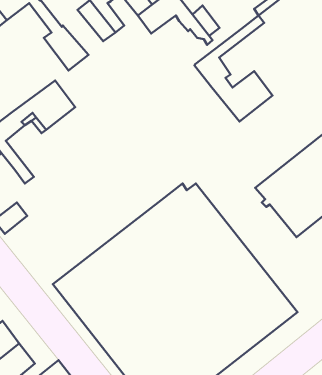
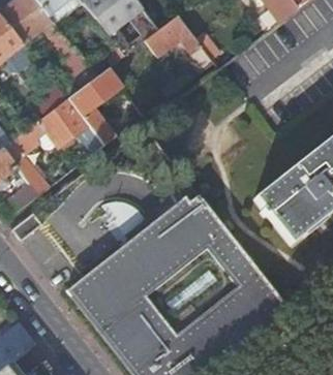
building: [195,16,273,122] -> none
building: none -> [68,69,122,146]

